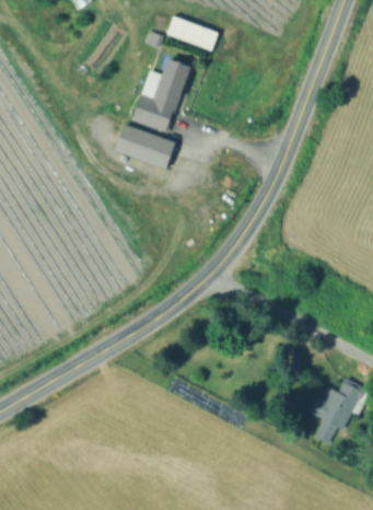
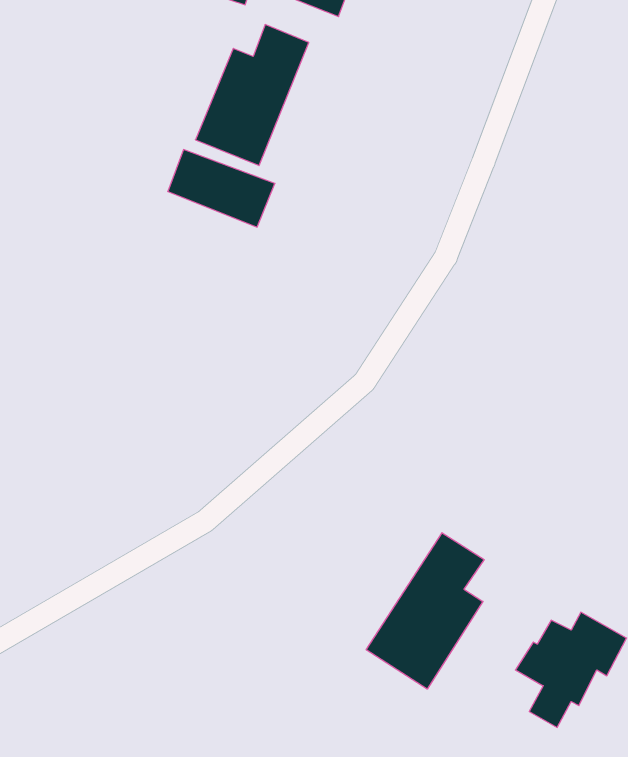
building: none -> [366,533,484,689]

